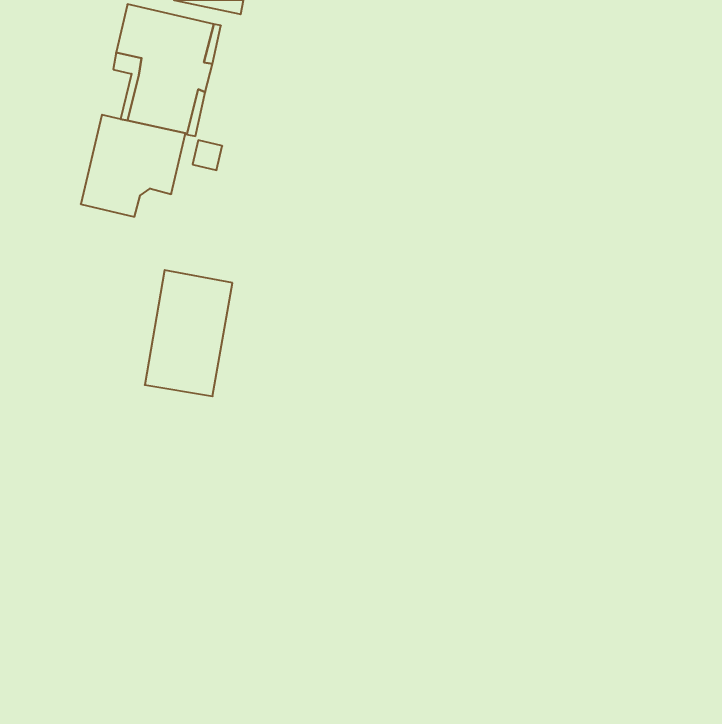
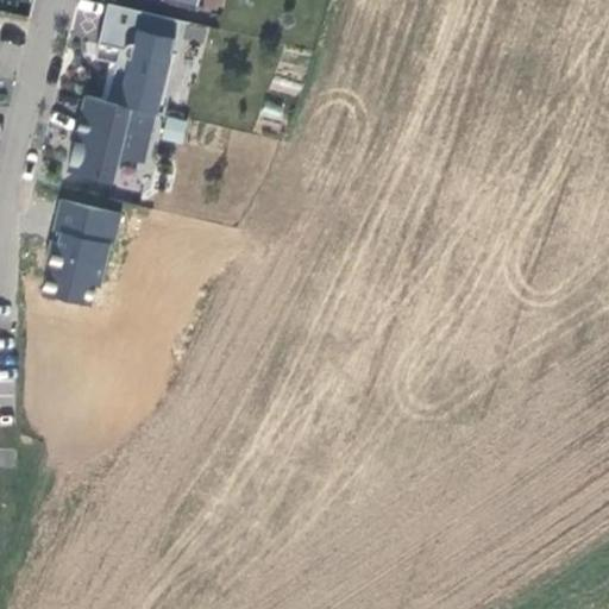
building: [145,270,232,396] -> [43,199,117,304]

